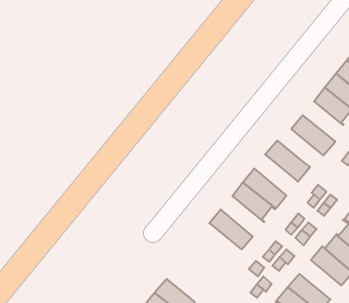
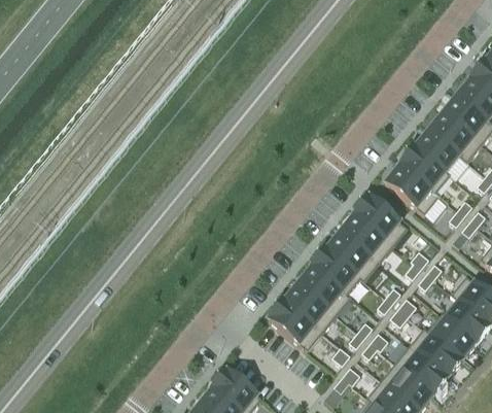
building: none -> [398,146,449,197]
building: none -> [338,213,392,265]
building: none -> [295,266,350,316]
building: none -> [267,300,321,351]
building: none -> [394,346,447,395]

